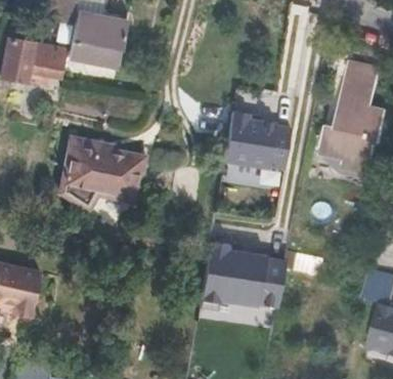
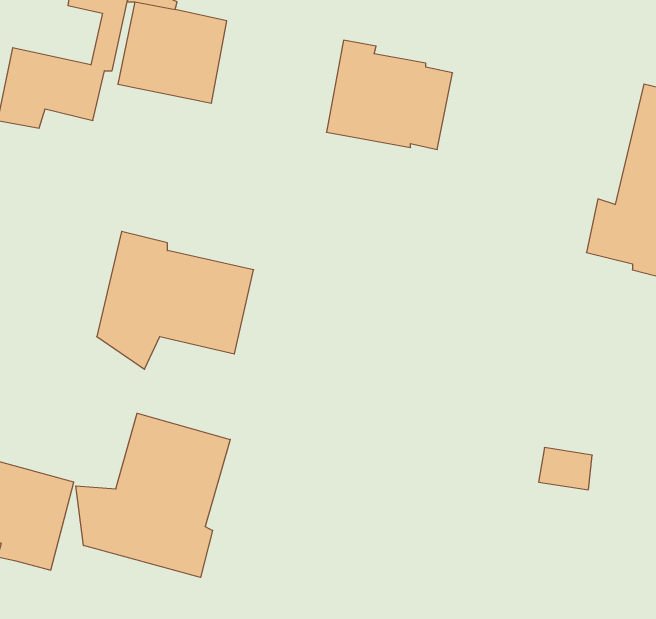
building: [224,115,292,173] -> [326,40,453,149]
building: none -> [76,413,230,577]
building: [199,245,285,309] -> none

